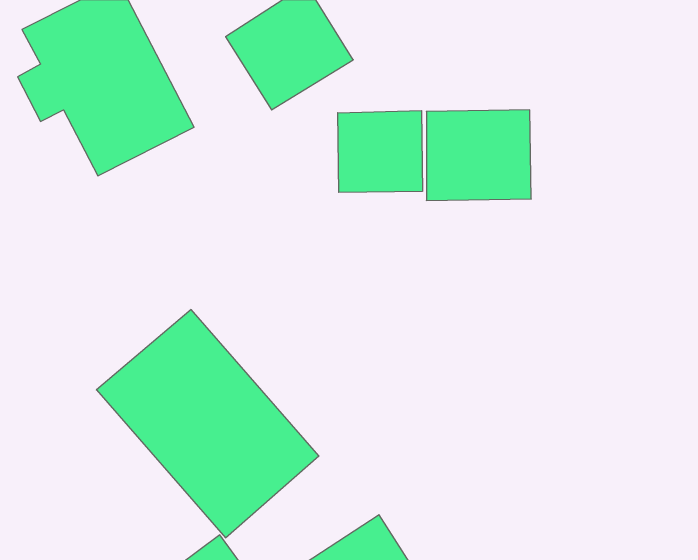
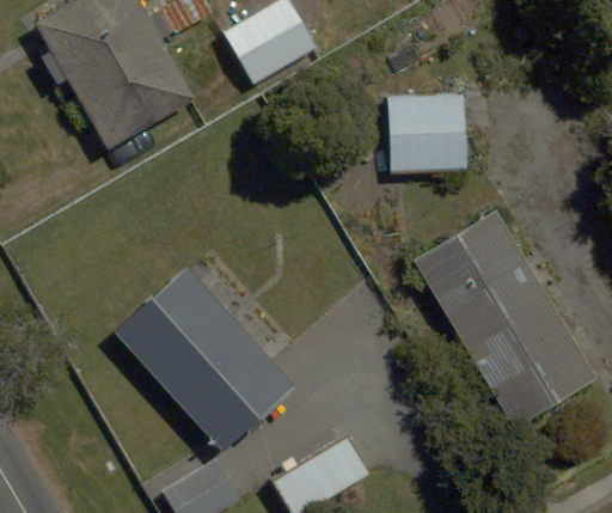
building: [338,111,422,192] -> none
building: none -> [408,210,601,433]

